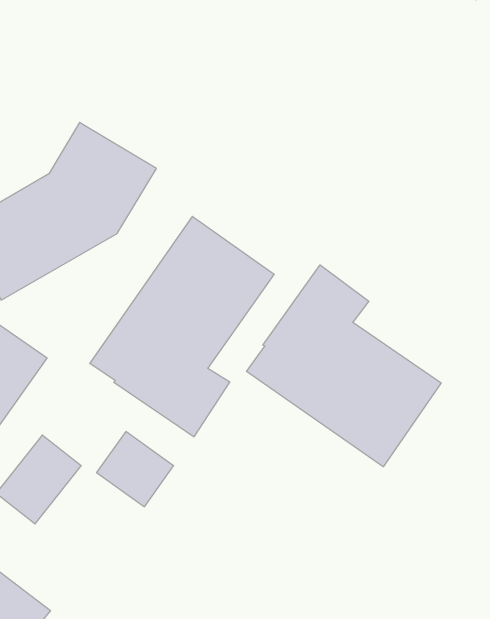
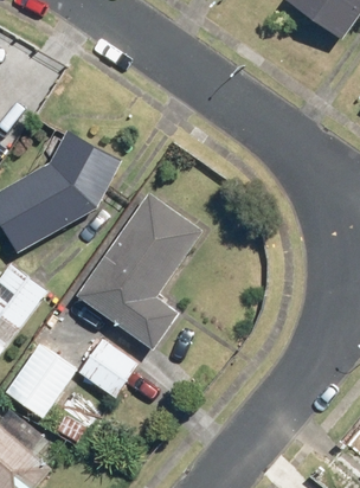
building: [247,265,441,467] -> none

